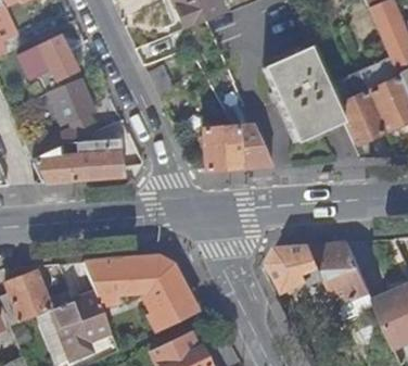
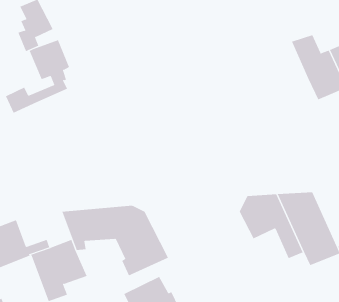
building: [263,43,344,141] -> none
building: [202,119,271,169] -> none
building: [34,138,143,182] -> none

